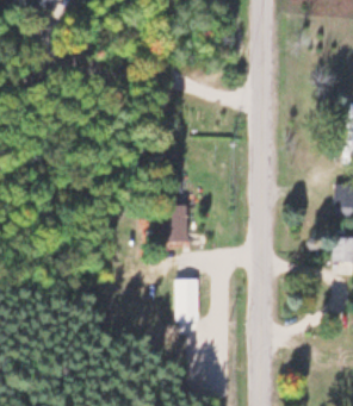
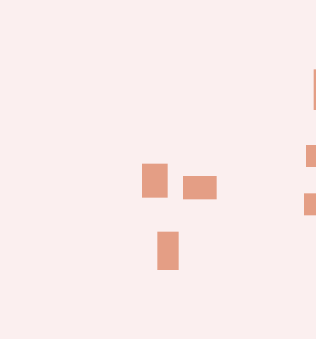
building: none -> [183,175,217,200]

